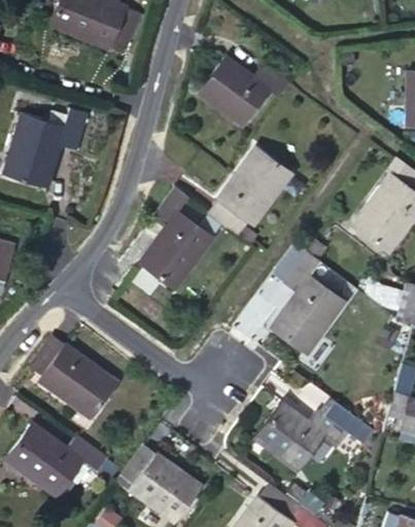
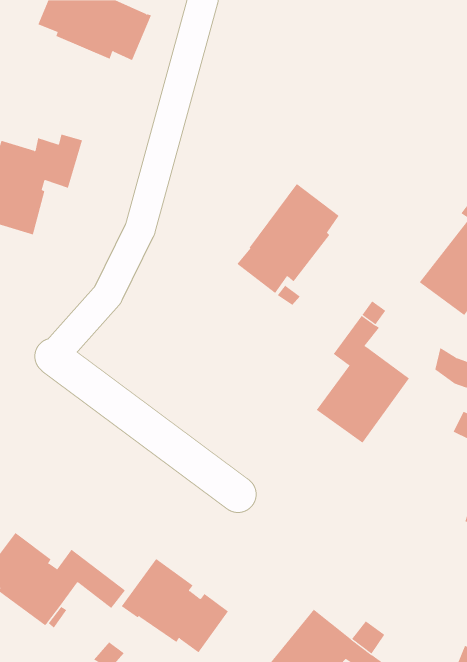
building: [202,57,290,125] -> none
building: [139,187,213,289] -> none
building: [30,335,117,418] -> none
building: [256,401,373,470] -> none

